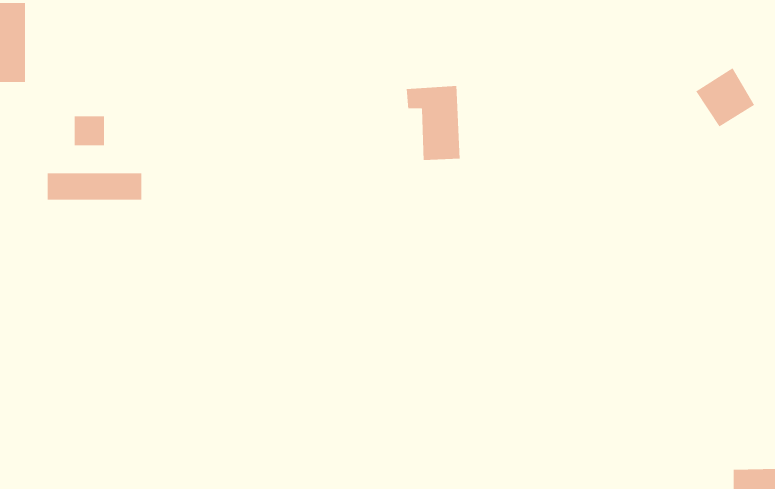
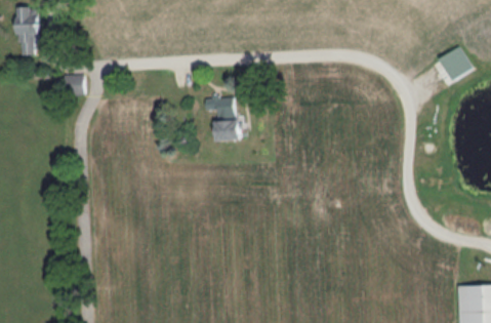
building: [406,85,461,161] -> [205,96,238,142]
building: [47,172,142,201] -> none

